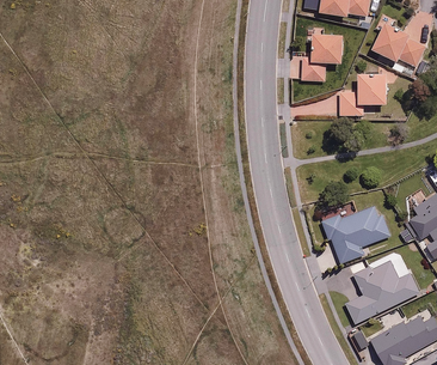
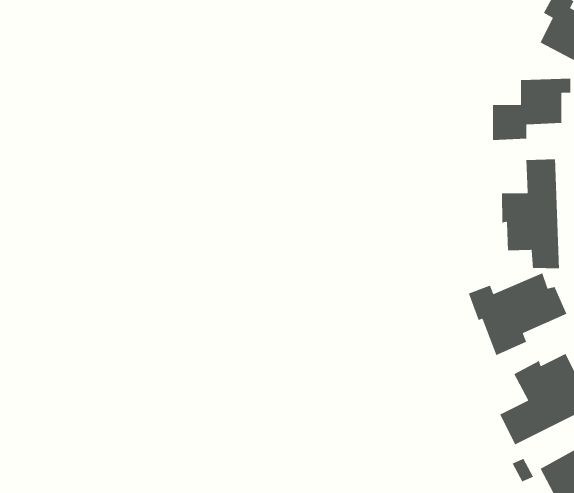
building: [291,30,344,80] -> none
building: none -> [501,159,560,269]

